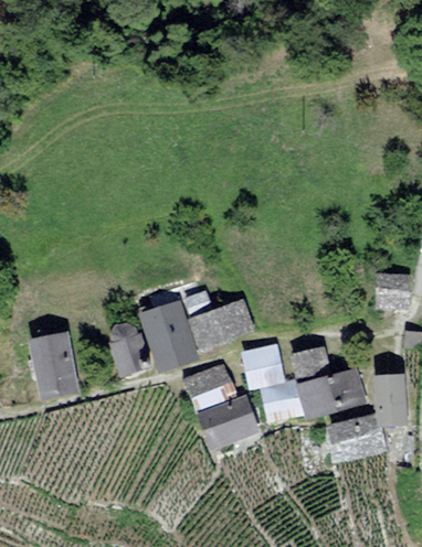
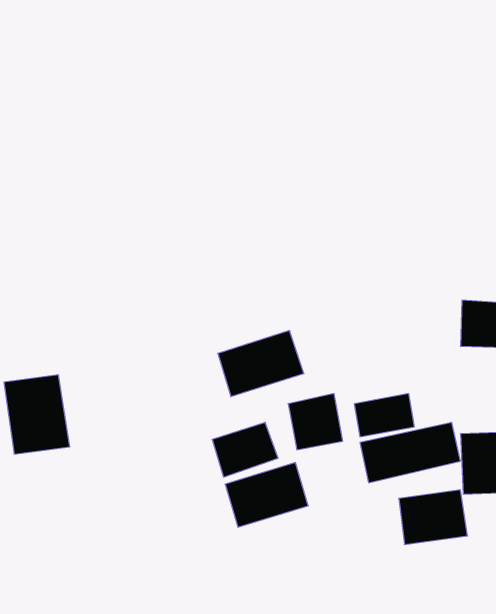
building: [139,300,193,366] -> none
building: [105,328,147,372] -> none
building: [264,384,302,422] -> none

